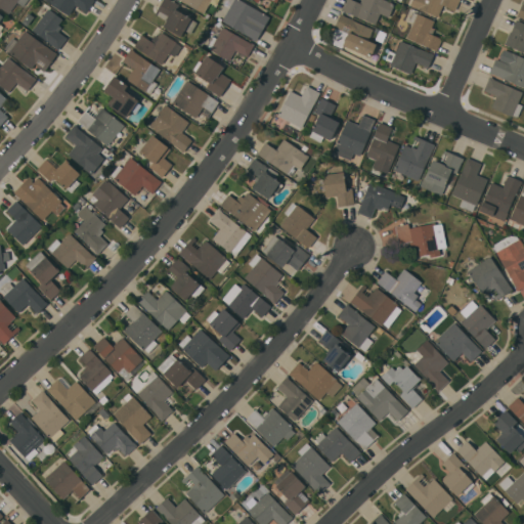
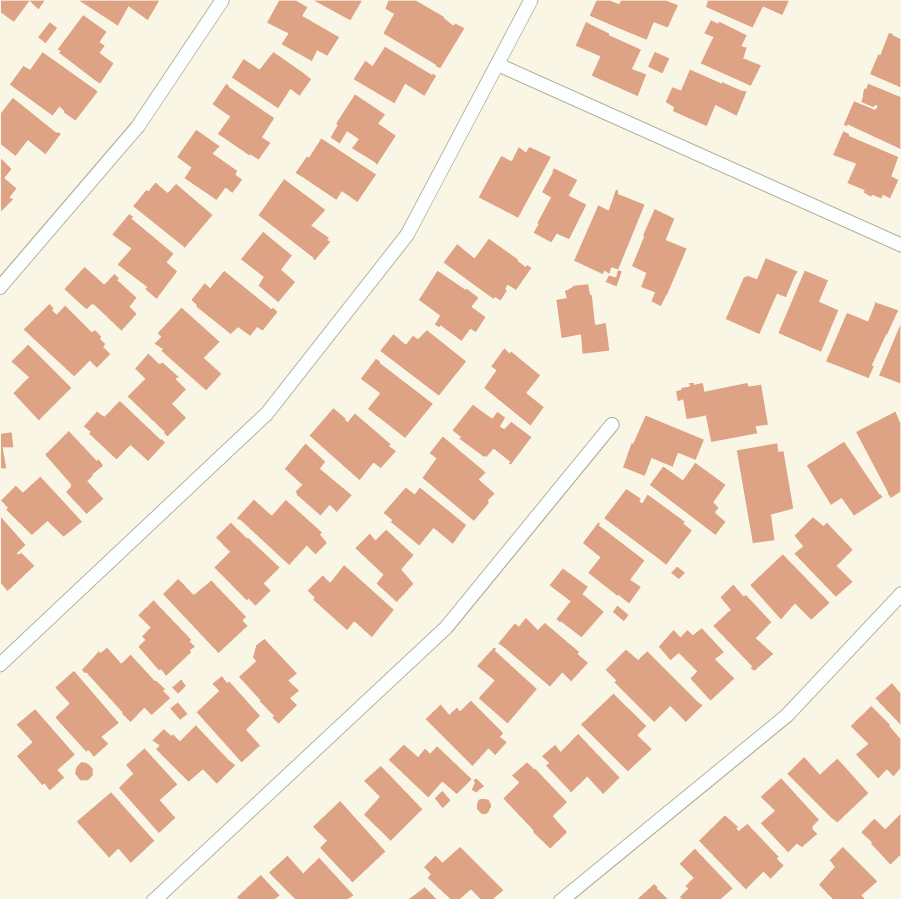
building: [394,136,434,181] -> none
building: [357,182,405,218] -> [622,415,705,476]
building: none -> [736,443,794,544]
building: [158,354,207,390] -> none
building: [275,471,309,515] -> none

